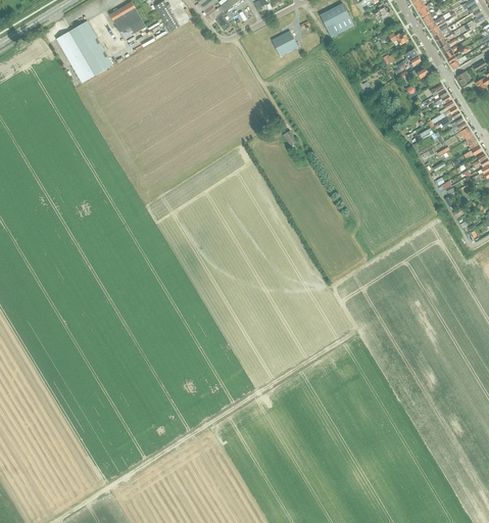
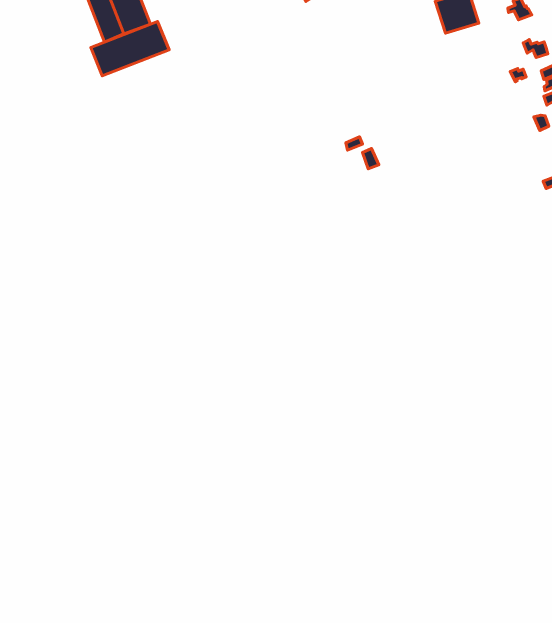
building: [272,30,298,56] -> none
building: none -> [91,21,169,76]

